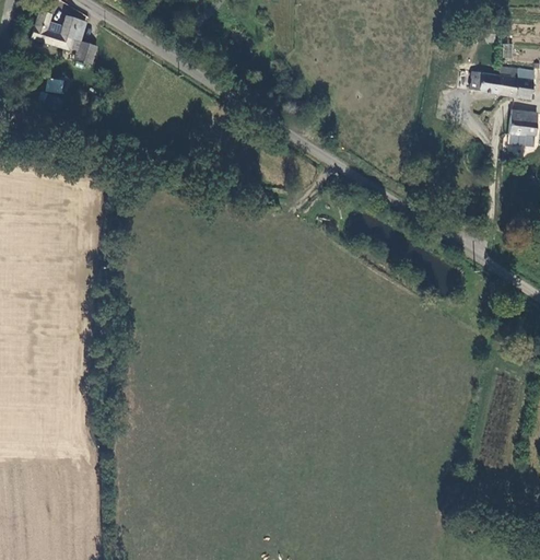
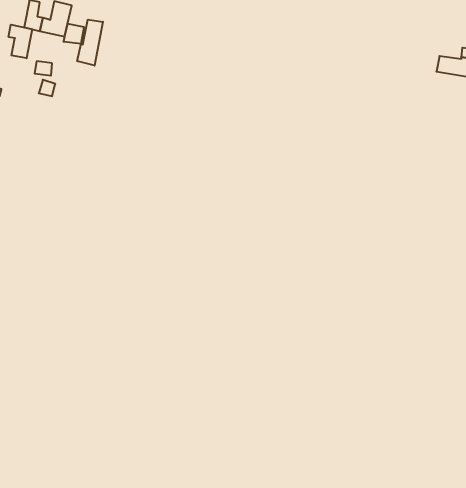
building: none -> [77,20,103,66]
building: none -> [9,25,32,58]

